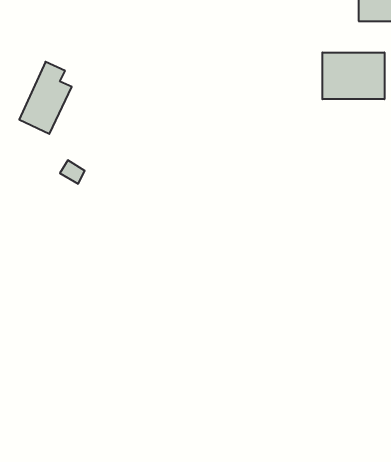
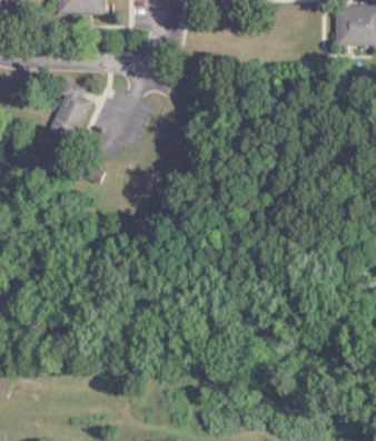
building: [322,52,384,99] -> none

